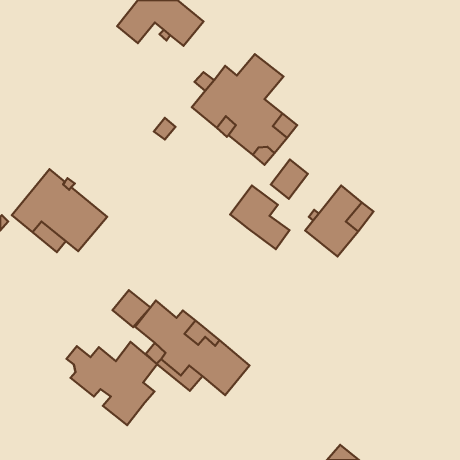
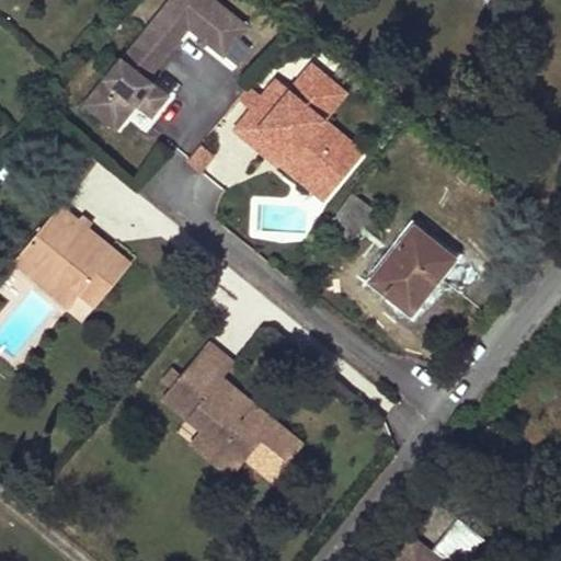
building: none -> [83,32,169,131]
building: [230,186,290,249] -> none
building: [113,290,150,327] -> [190,342,236,387]
building: [67,342,157,425] -> none

